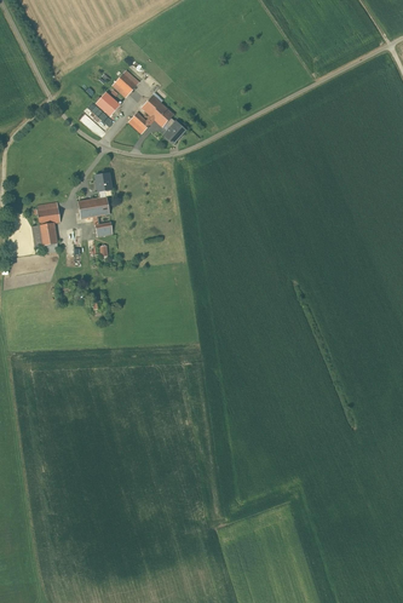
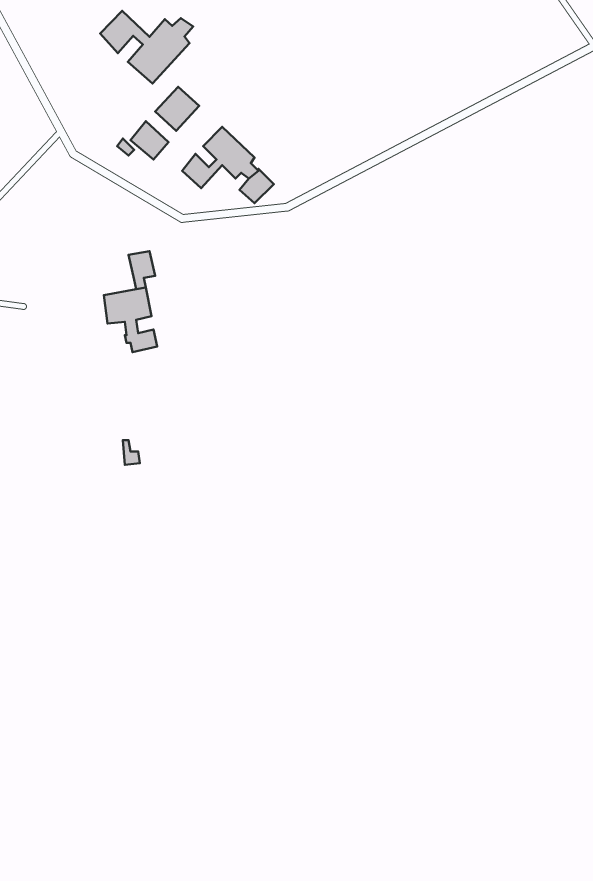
building: none -> [100,11,193,83]
building: [31,203,59,253] -> none

